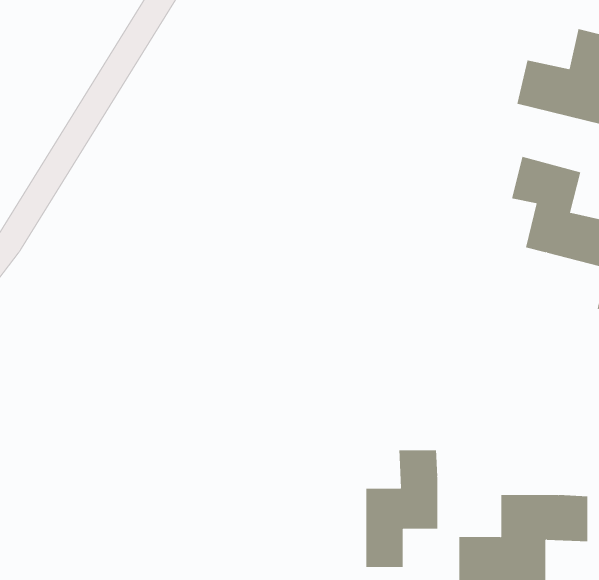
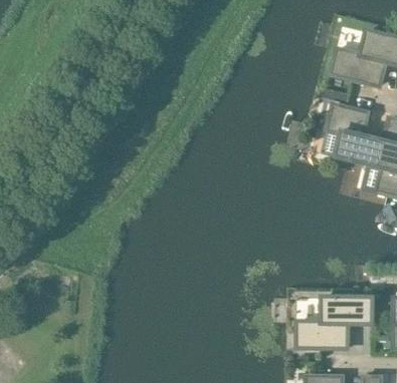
building: [366,450,438,568] -> none

